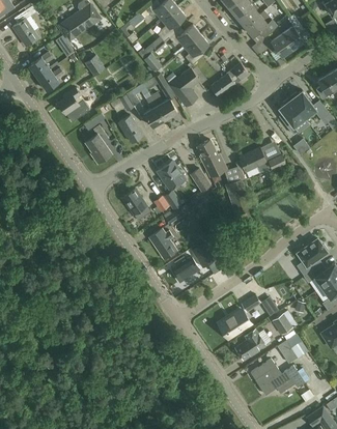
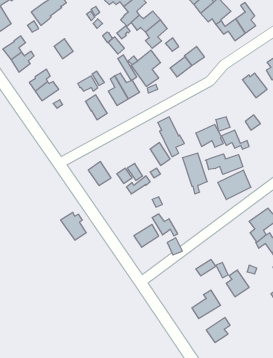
building: [280,99,304,135] -> none
building: [85,125,111,164] -> none
building: [157,161,185,190] -> none
building: none -> [205,154,243,174]
building: [148,229,176,259] -> [61,212,86,240]
building: [219,314,250,338] -> none
building: [278,334,308,363] -> none
building: [259,366,304,395] -> none

